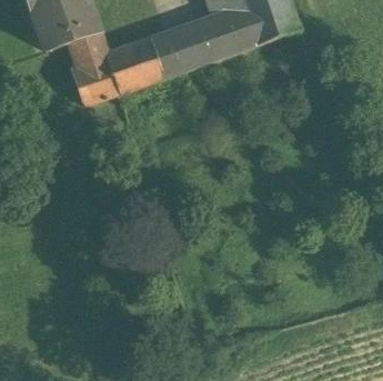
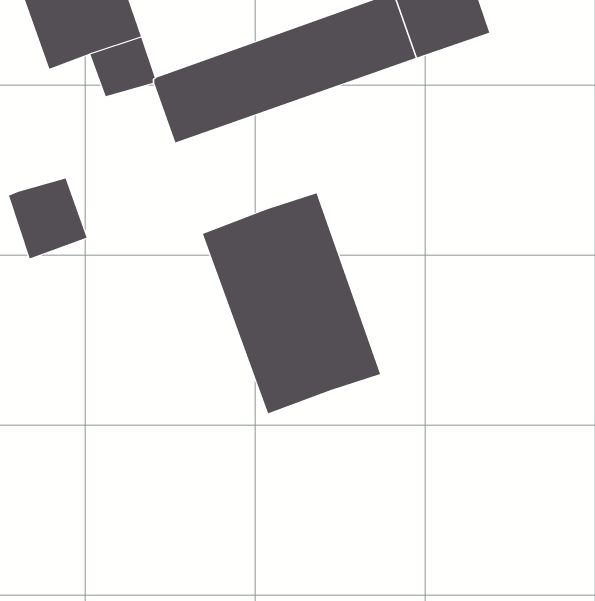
building: [70,59,115,106] -> [8,178,87,259]
building: none -> [202,192,381,414]

